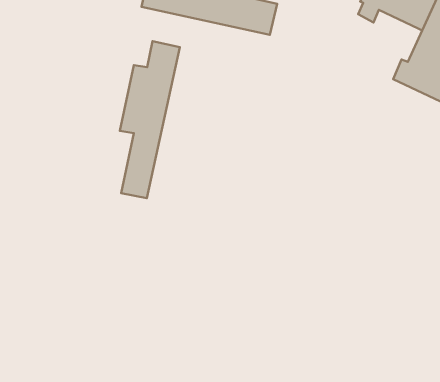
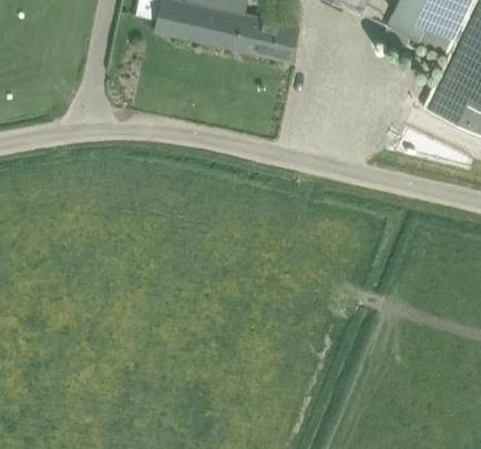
building: [120,41,180,198] -> none

